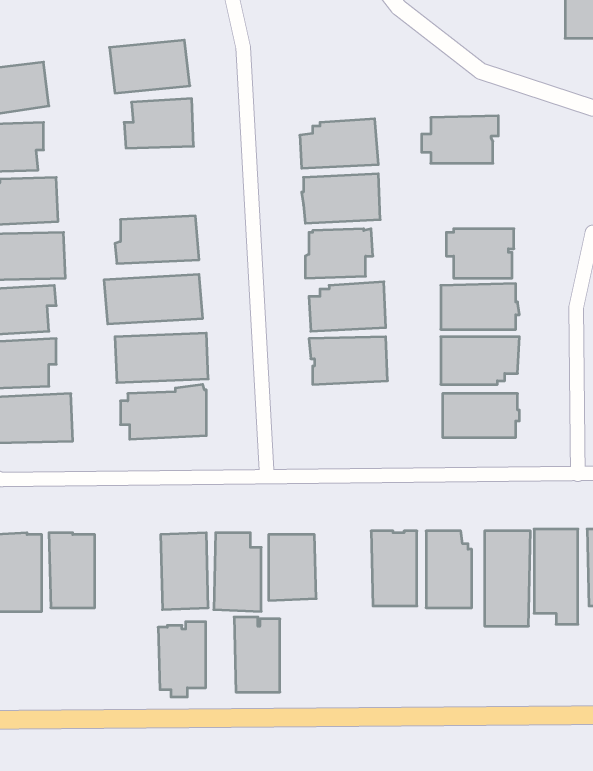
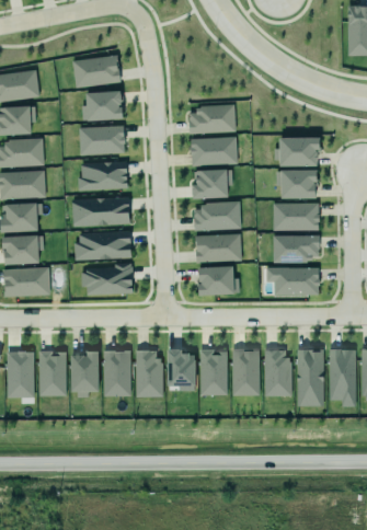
building: [422,116,498,163] -> [274,137,320,165]
building: none -> [79,125,125,153]
building: none -> [198,265,240,296]
building: [234,617,280,692] -> [199,349,227,394]
building: [158,622,206,697] -> [70,352,99,396]

